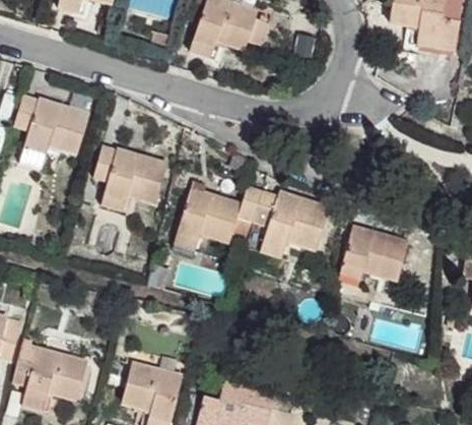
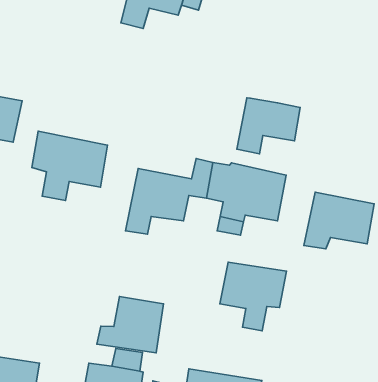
building: none -> [237,98,300,154]
building: none -> [220,262,286,331]
building: none -> [97,296,163,353]

